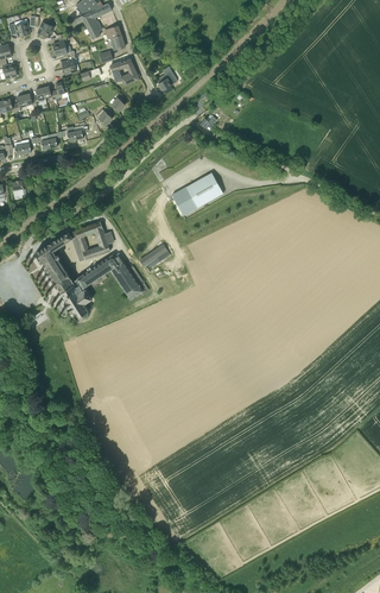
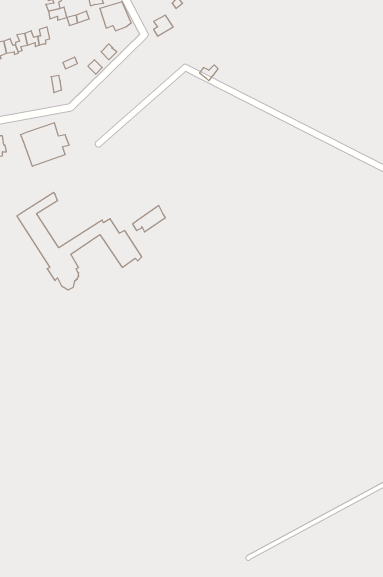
building: [171,172,222,215] -> none
building: [69,222,113,261] -> [20,123,69,166]

